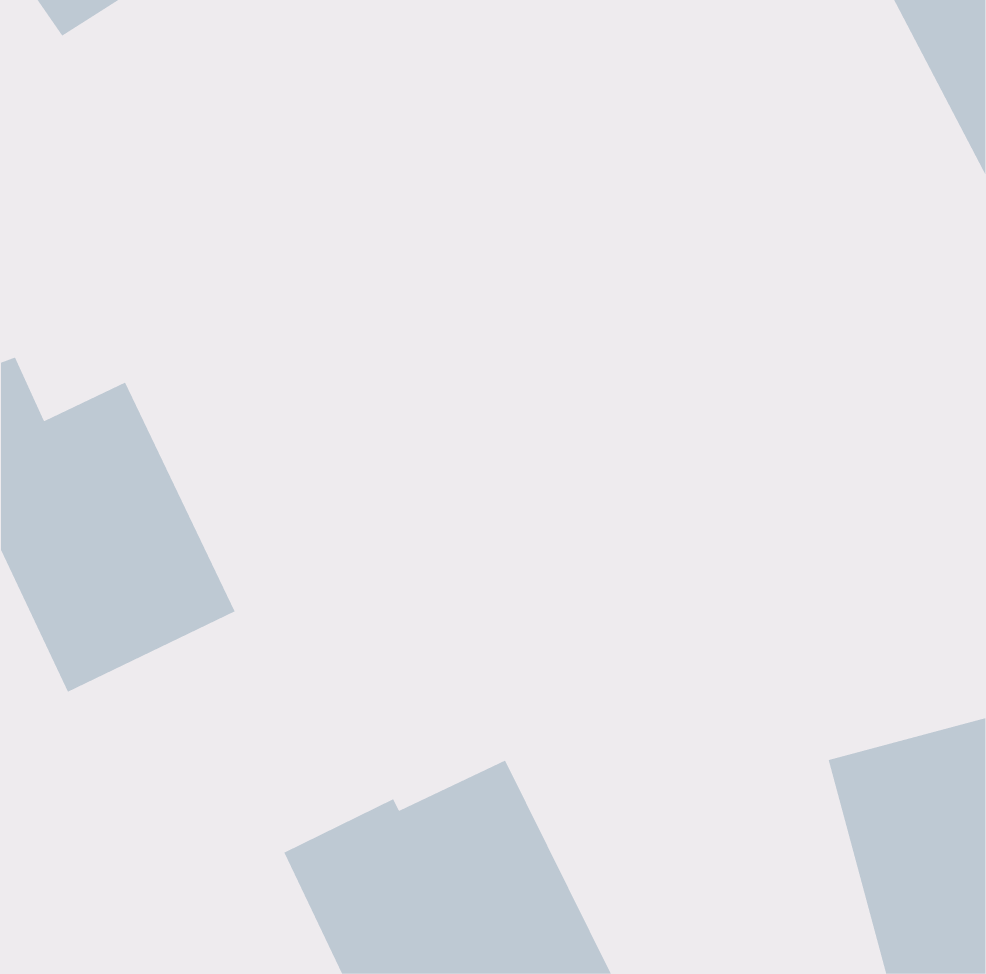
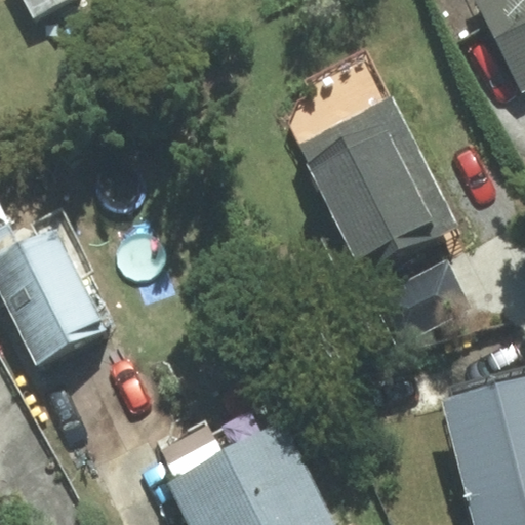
building: none -> [292,97,461,270]

